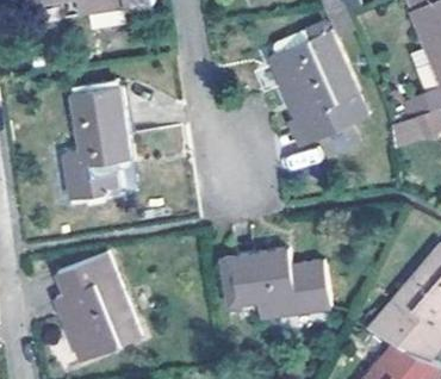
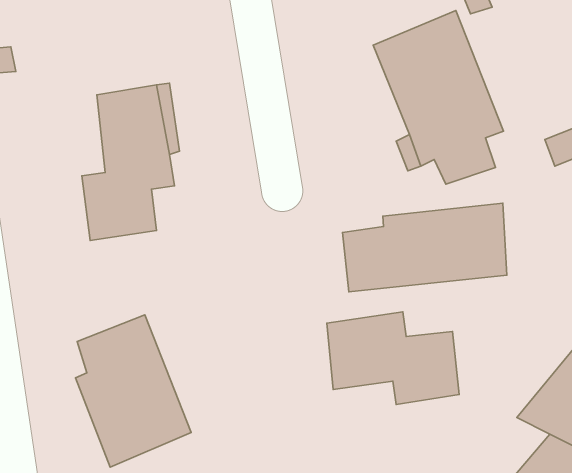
building: none -> [342,203,507,292]

